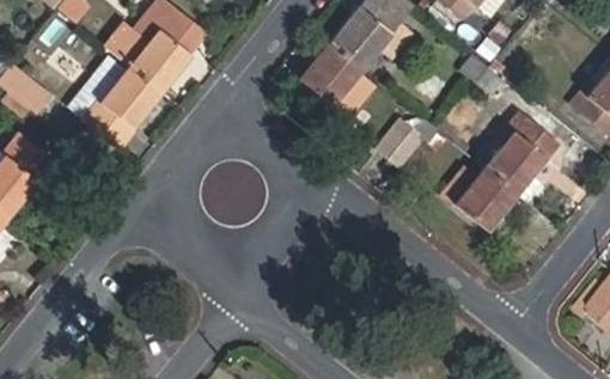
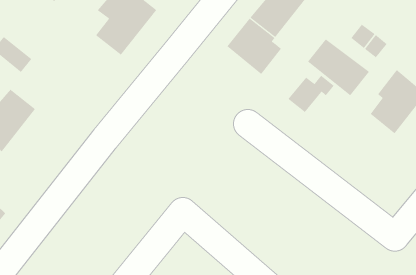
building: [73,50,164,148] -> none
building: none -> [307,38,370,96]
building: [456,167,518,231] -> none

